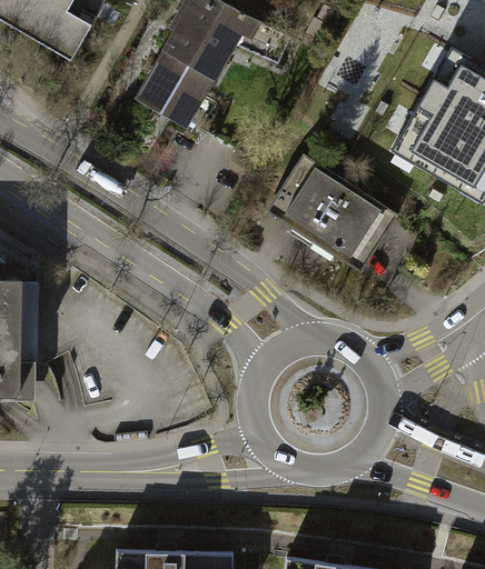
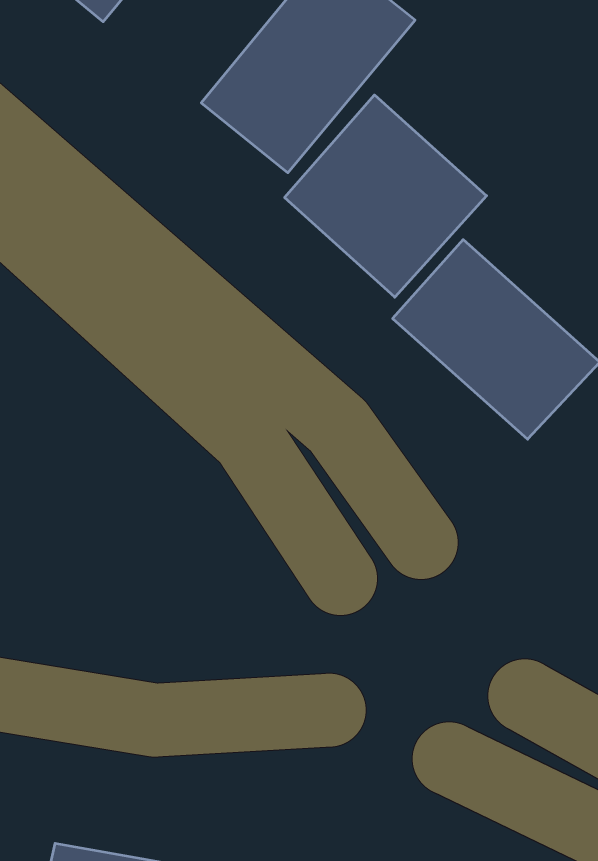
building: none -> [285,95,487,297]

